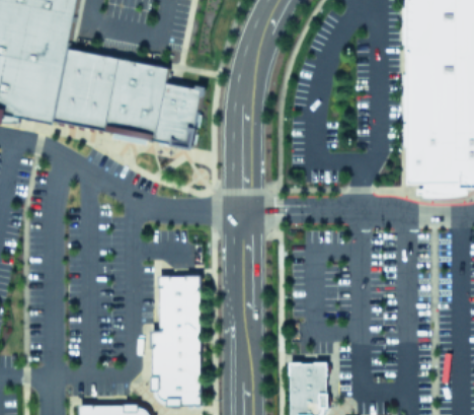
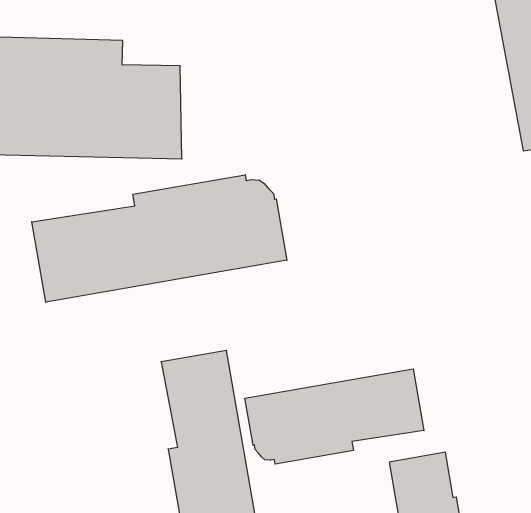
building: none -> [32,175,287,302]
building: none -> [245,369,424,464]

